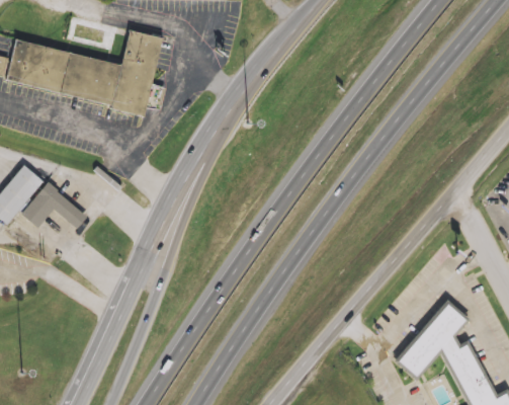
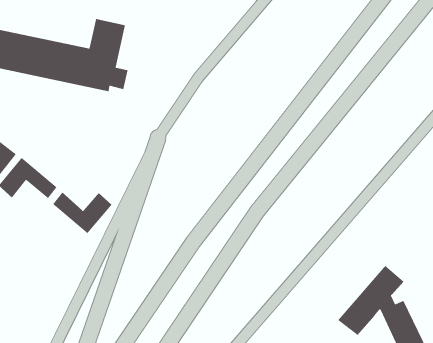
building: none -> [52,192,112,234]

